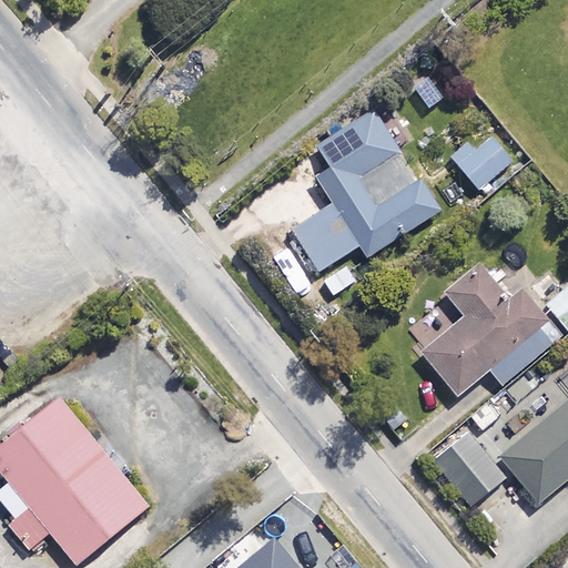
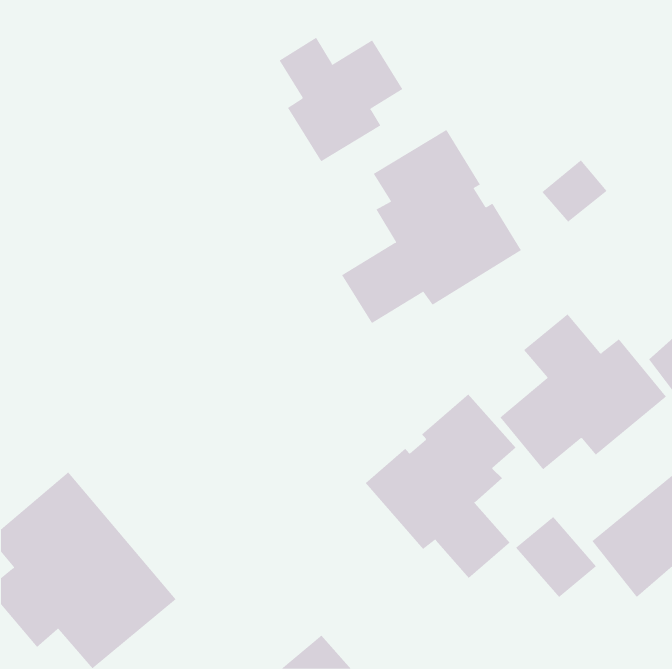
building: none -> [279,37,403,162]
building: none -> [365,393,517,579]

